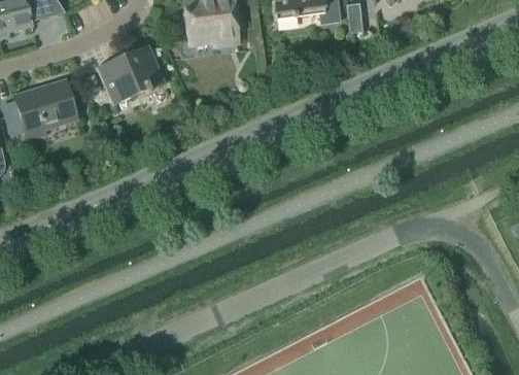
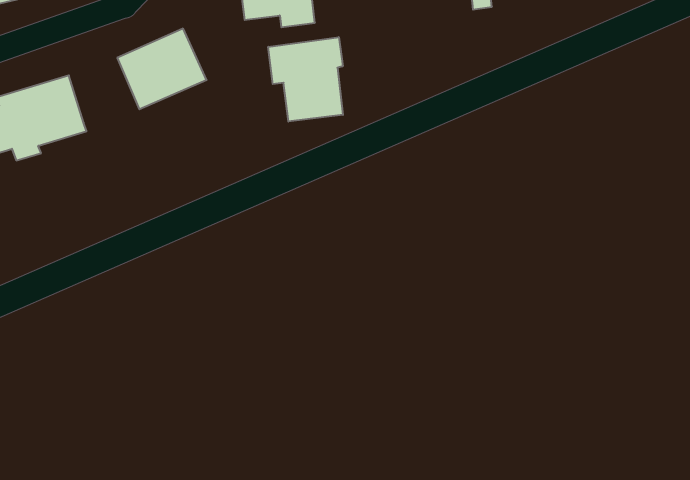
building: none -> [268,37,343,122]

